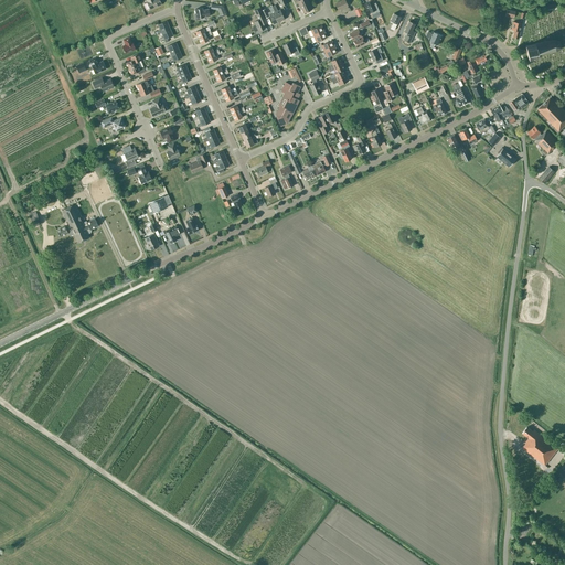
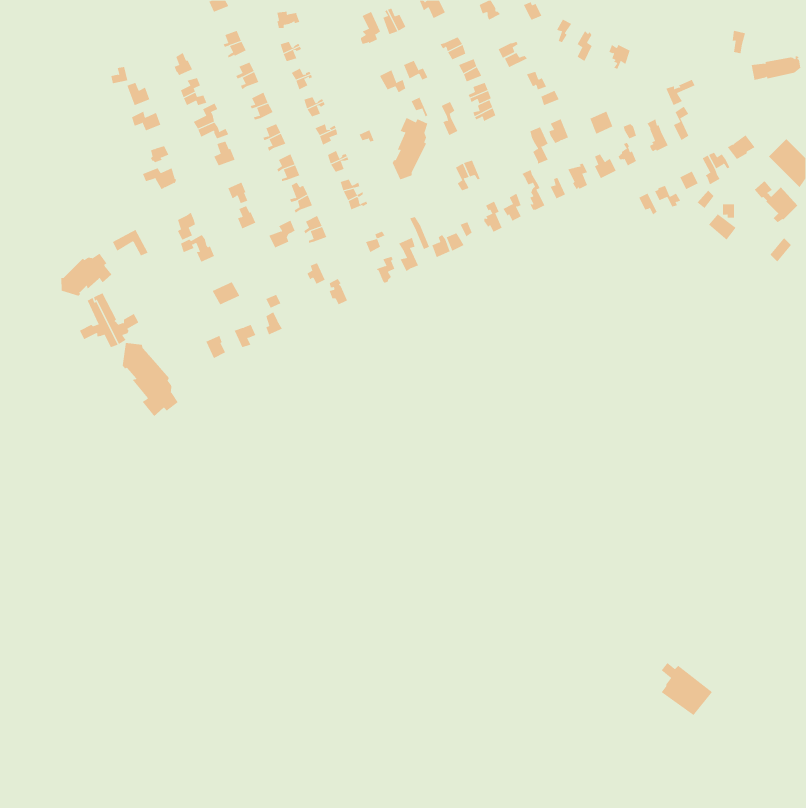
building: none -> [61,253,112,297]
building: none -> [122,342,178,417]
building: [522,426,558,463] -> [661,662,713,716]

